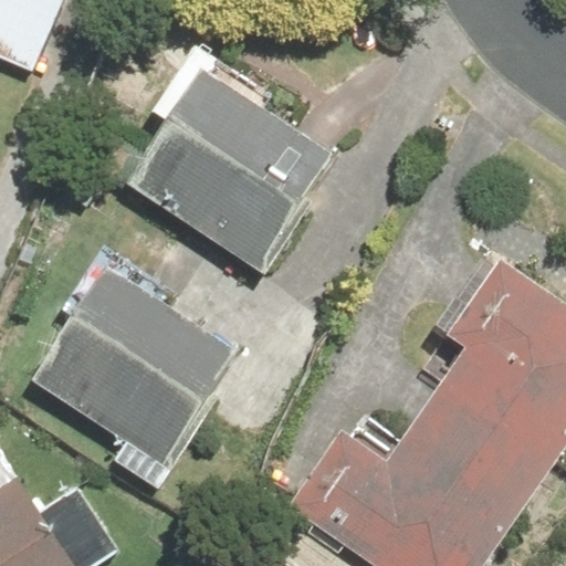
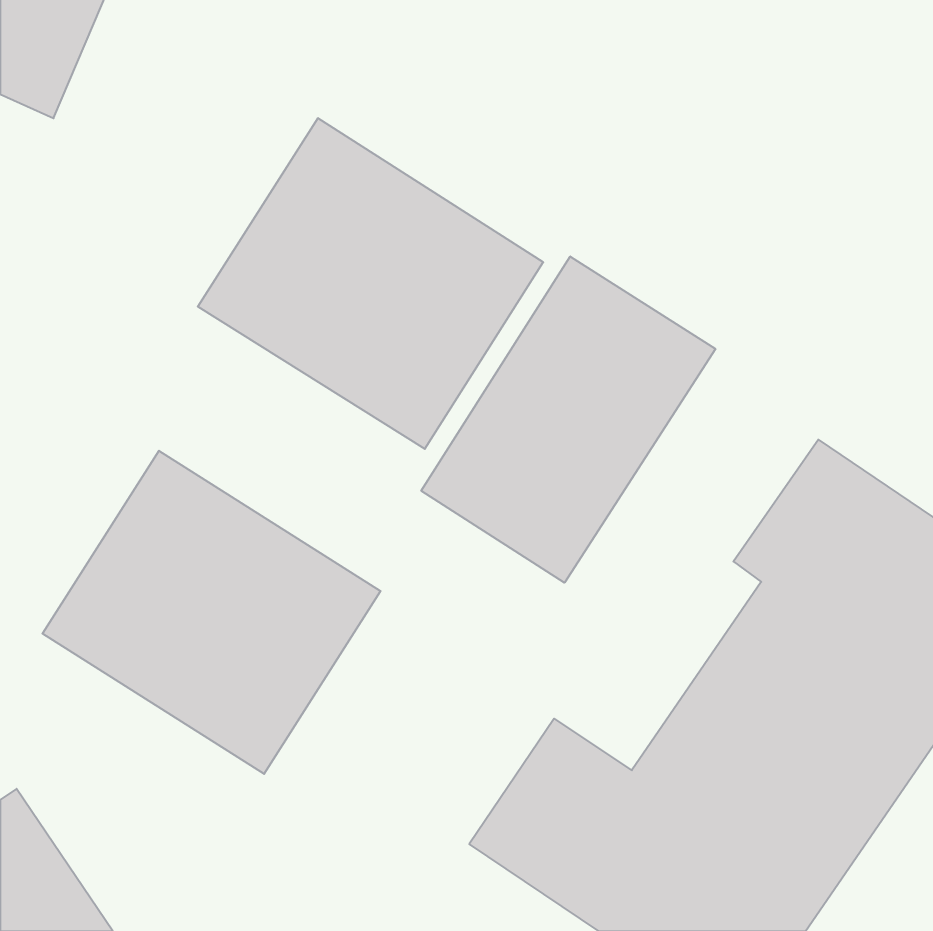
building: none -> [421,256,715,583]

